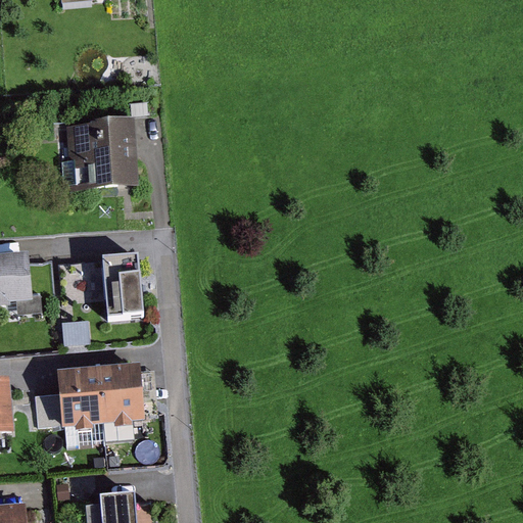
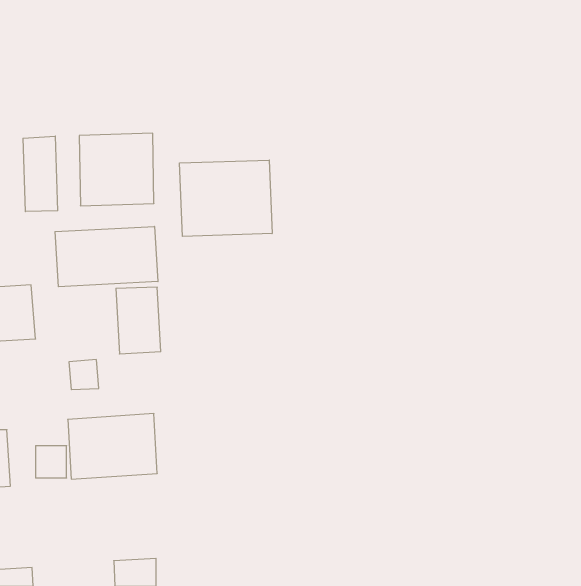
building: none -> [23,136,58,212]
building: none -> [180,160,272,236]
building: none -> [55,226,158,287]

